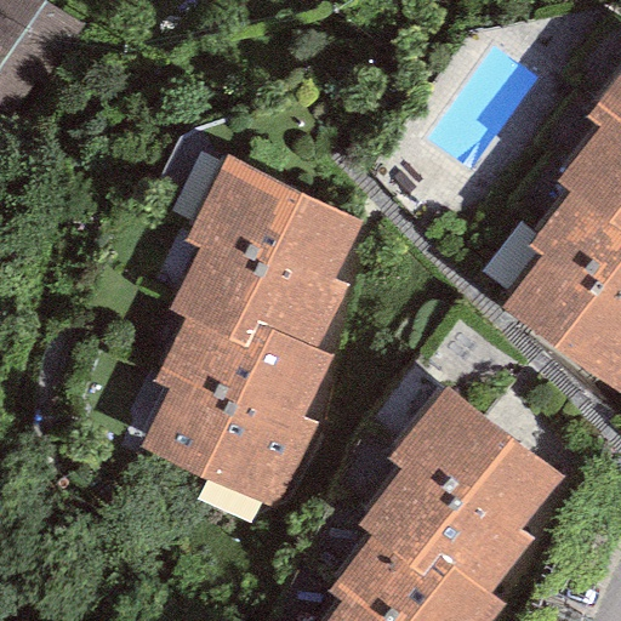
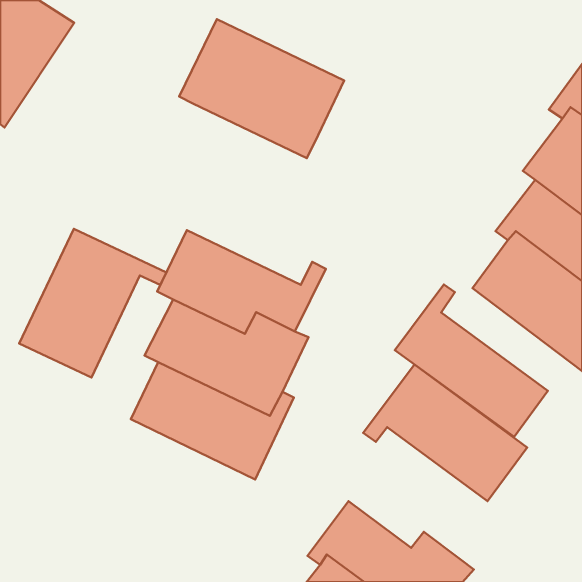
building: [184,155,360,303] -> [179,19,344,158]
building: none -> [19,229,166,377]
building: none -> [395,284,548,437]
building: [360,455,530,596] -> none

